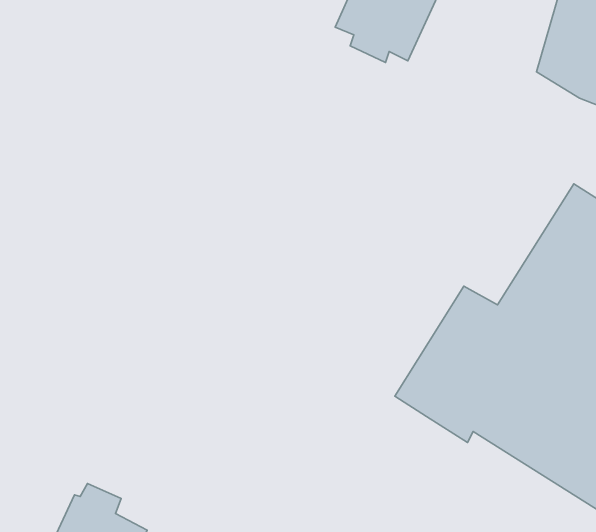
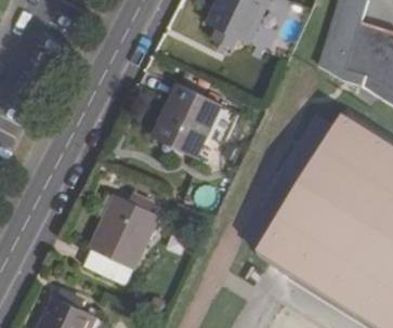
building: none -> [152,82,218,155]
building: none -> [82,195,158,286]

